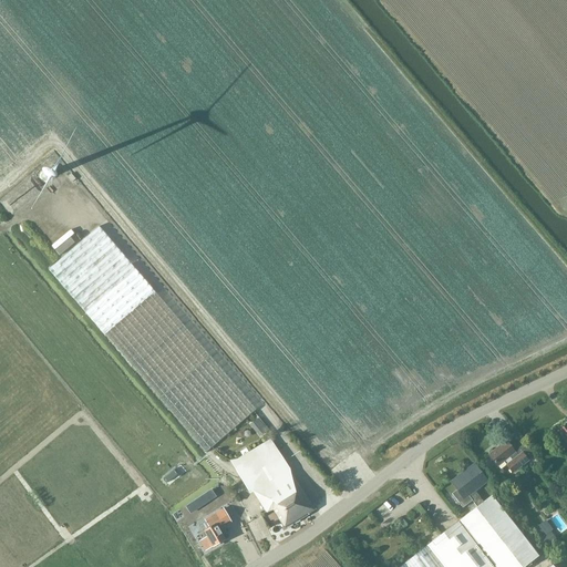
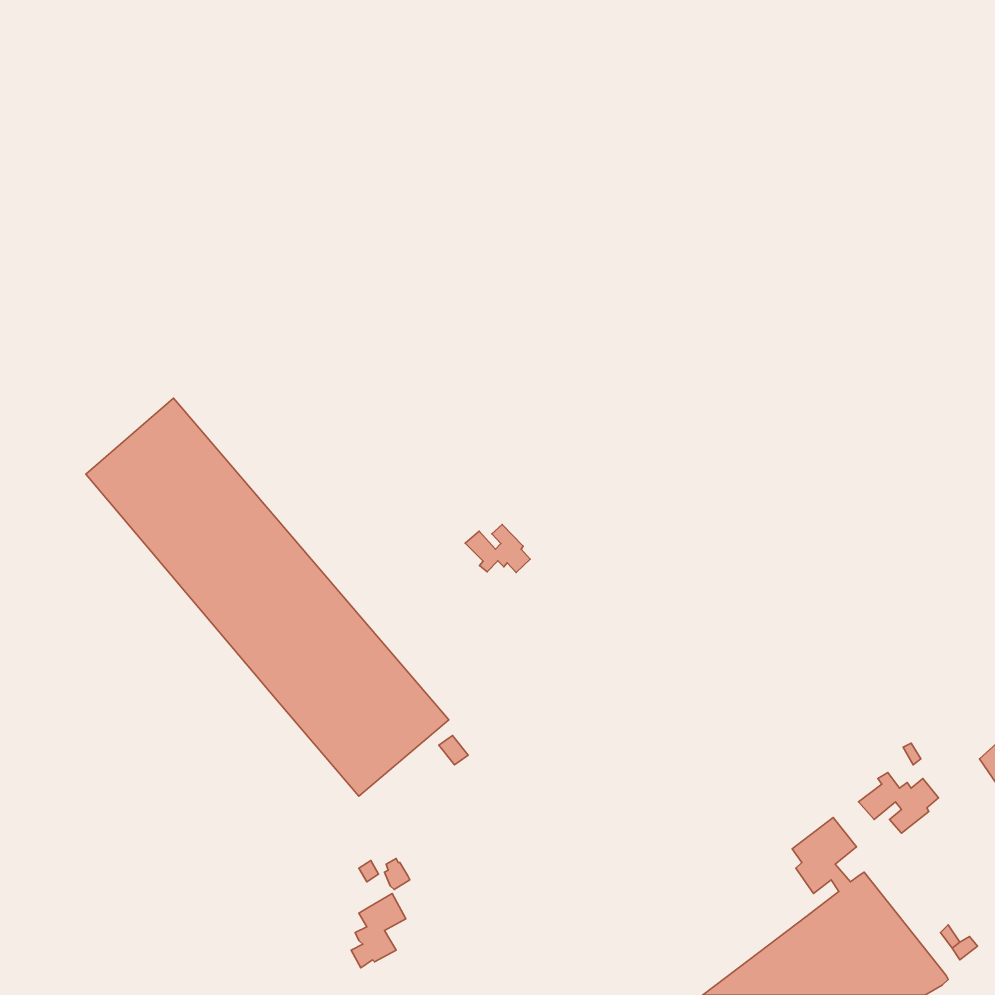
building: none -> [465,524,530,573]
building: [231,437,315,528] -> none

